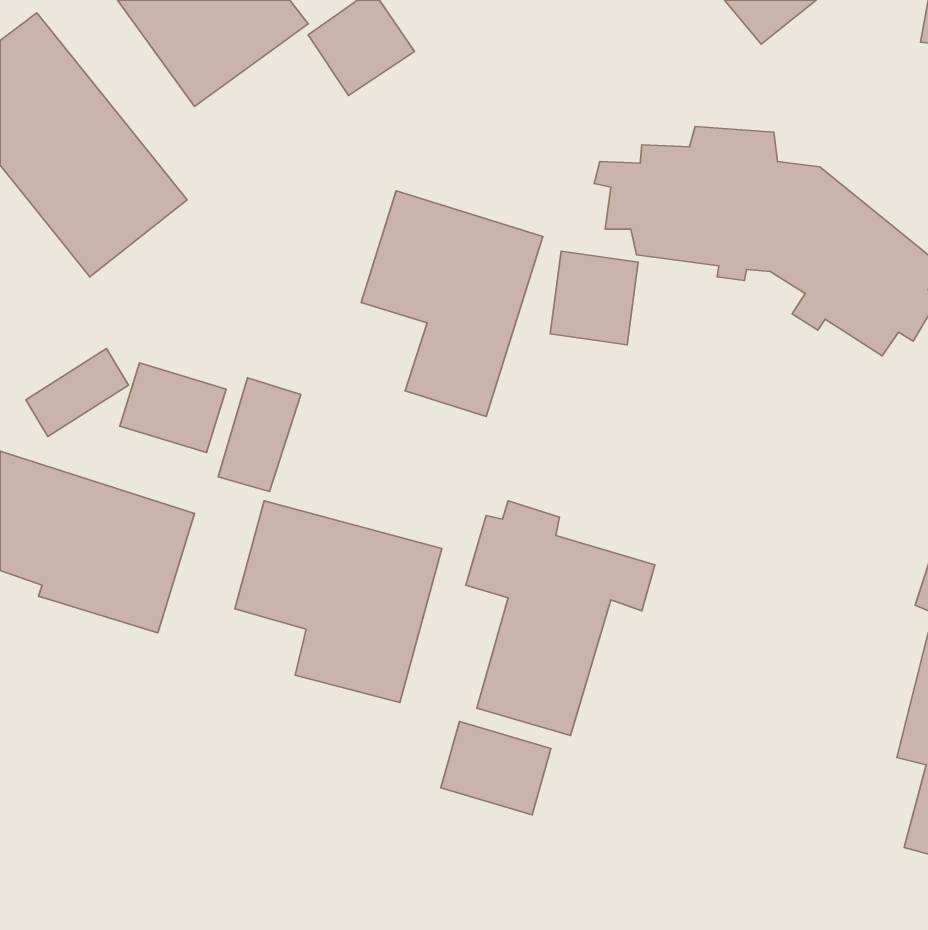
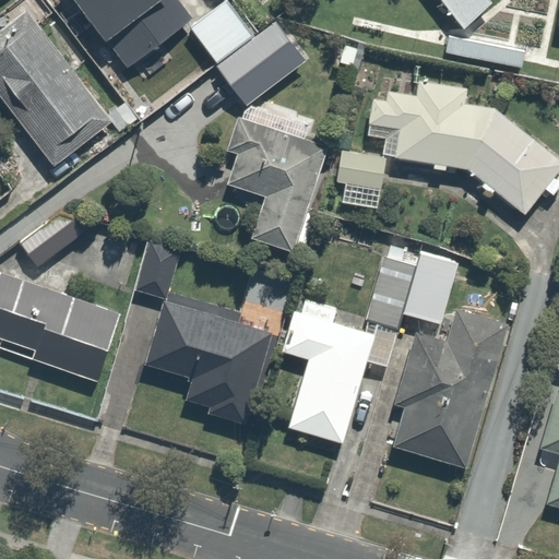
building: none -> [221,23,304,102]
building: [120,363,226,453] -> none
building: none -> [366,245,459,330]
building: none -> [392,318,507,466]
building: [441,722,551,815] -> none

